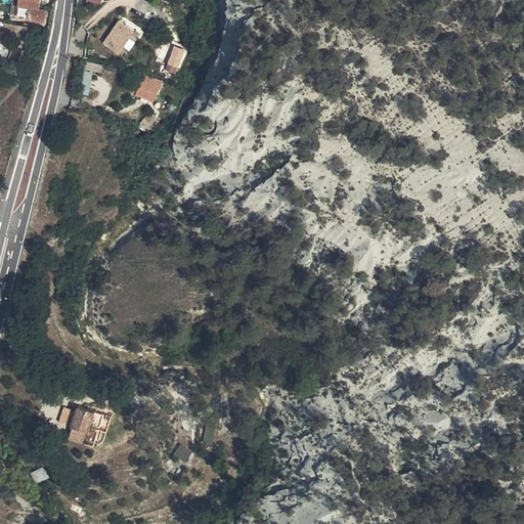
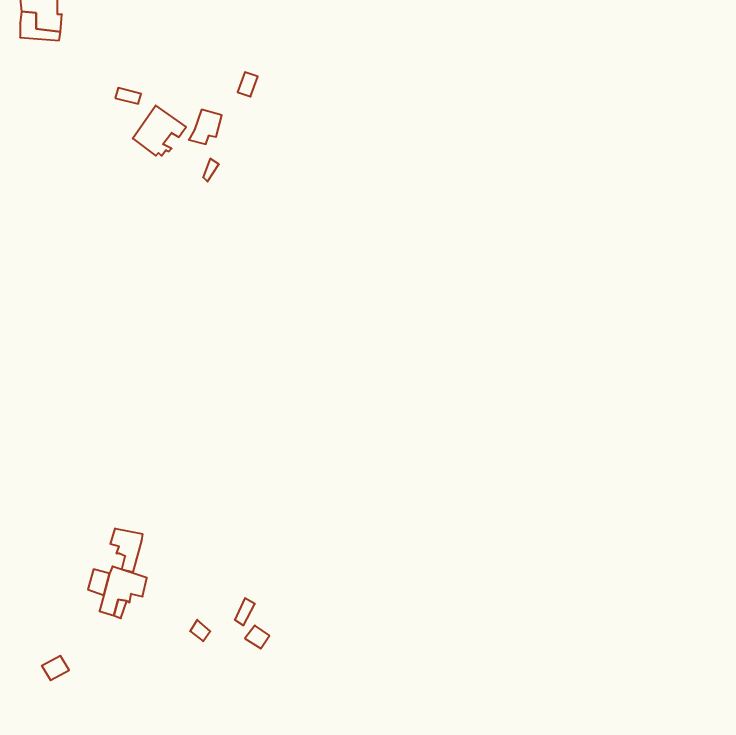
building: [102,18,140,54] -> [133,105,186,156]
building: none -> [110,528,142,572]

